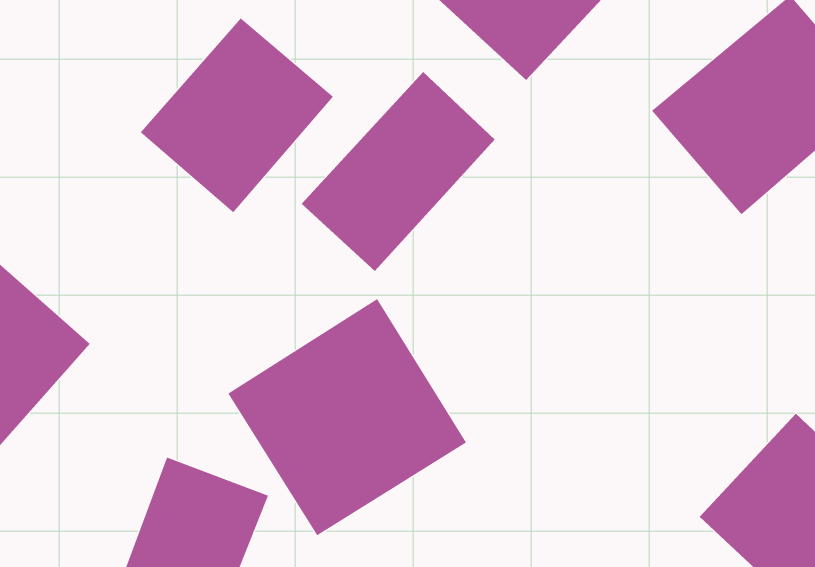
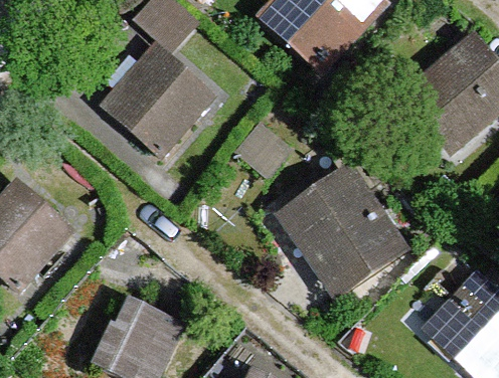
building: [301,71,495,272] -> none
building: none -> [281,164,407,296]
building: [227,298,467,536] -> none

